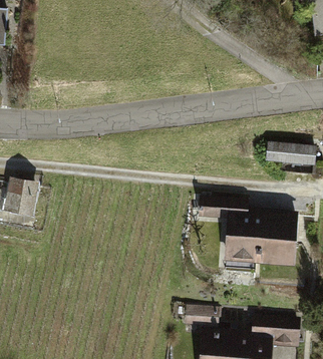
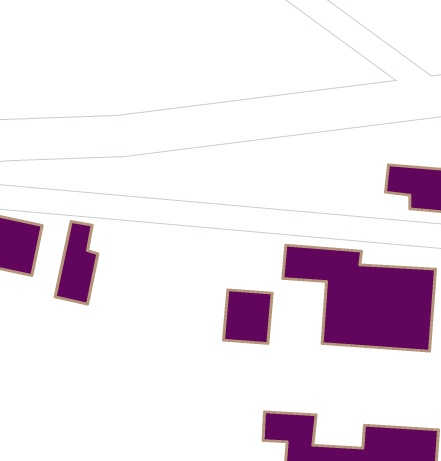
building: none -> [55,222,98,304]
building: none -> [224,290,272,344]

